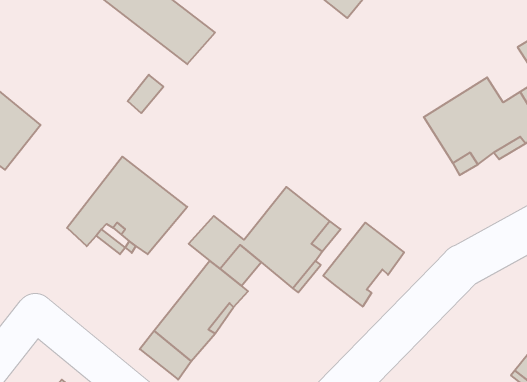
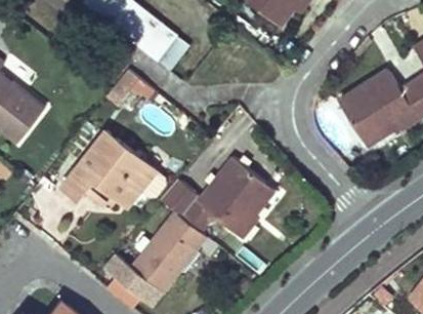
building: [323,223,404,307] -> none

